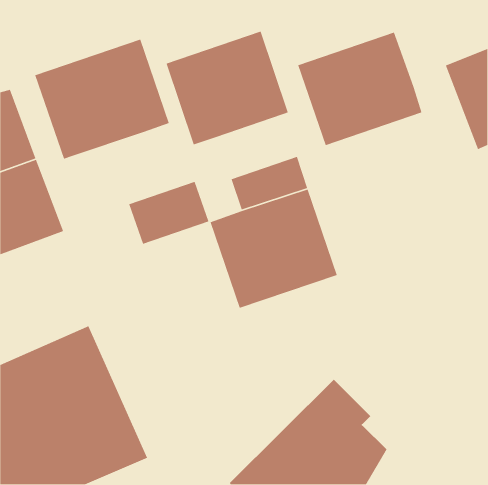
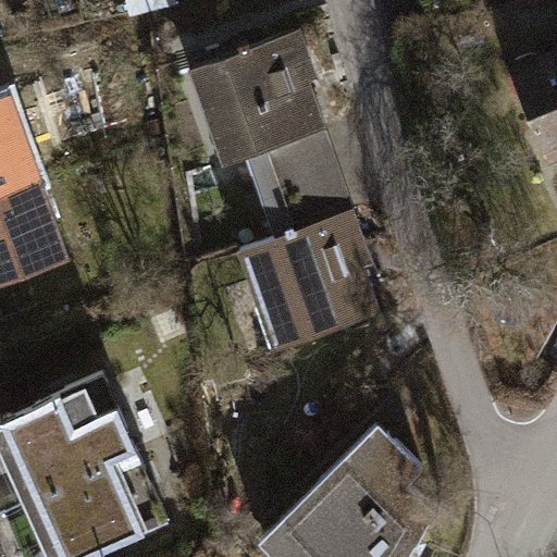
building: [297,31,422,146] -> none
building: [34,39,170,160] -> none
building: [128,181,210,245] -> [246,131,338,203]

